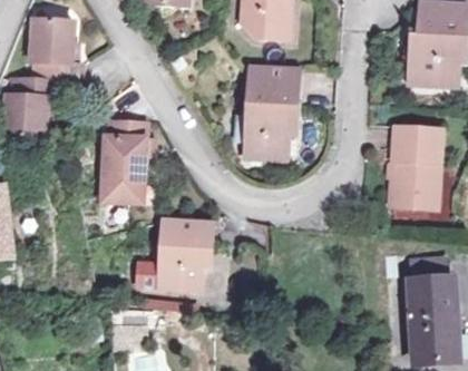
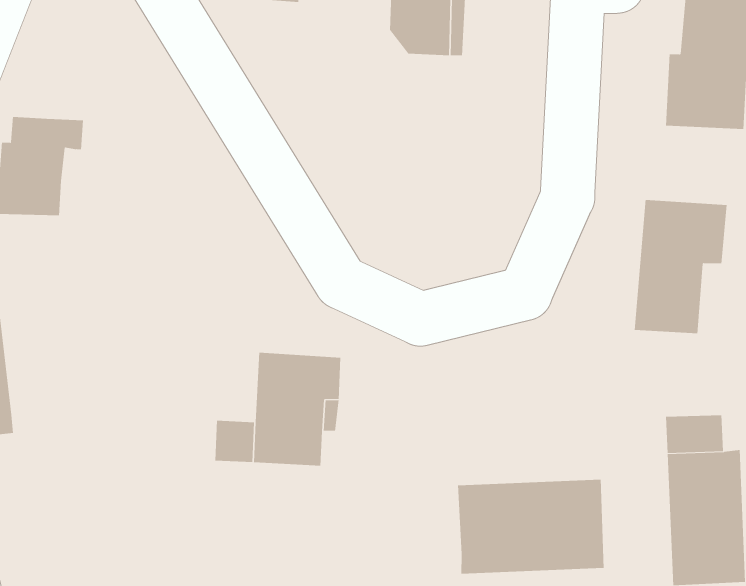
building: [30,17,81,81] -> none
building: [241,67,296,158] -> none
building: [100,118,153,202] -> none
building: none -> [458,479,604,575]

